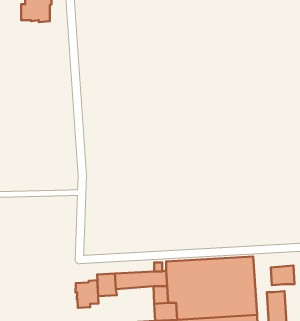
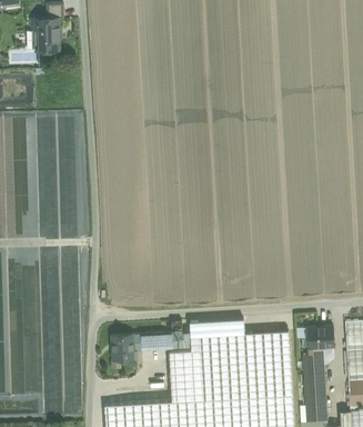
building: [76,280,98,308] -> none

